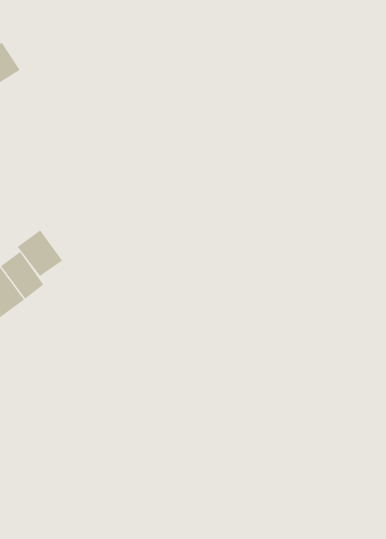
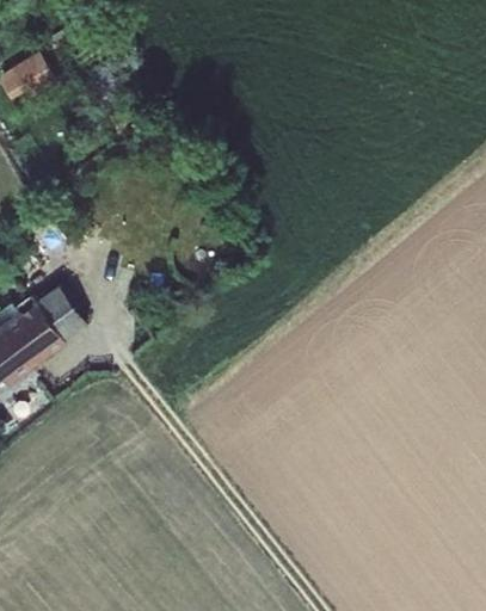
building: [17,229,63,277] -> none

